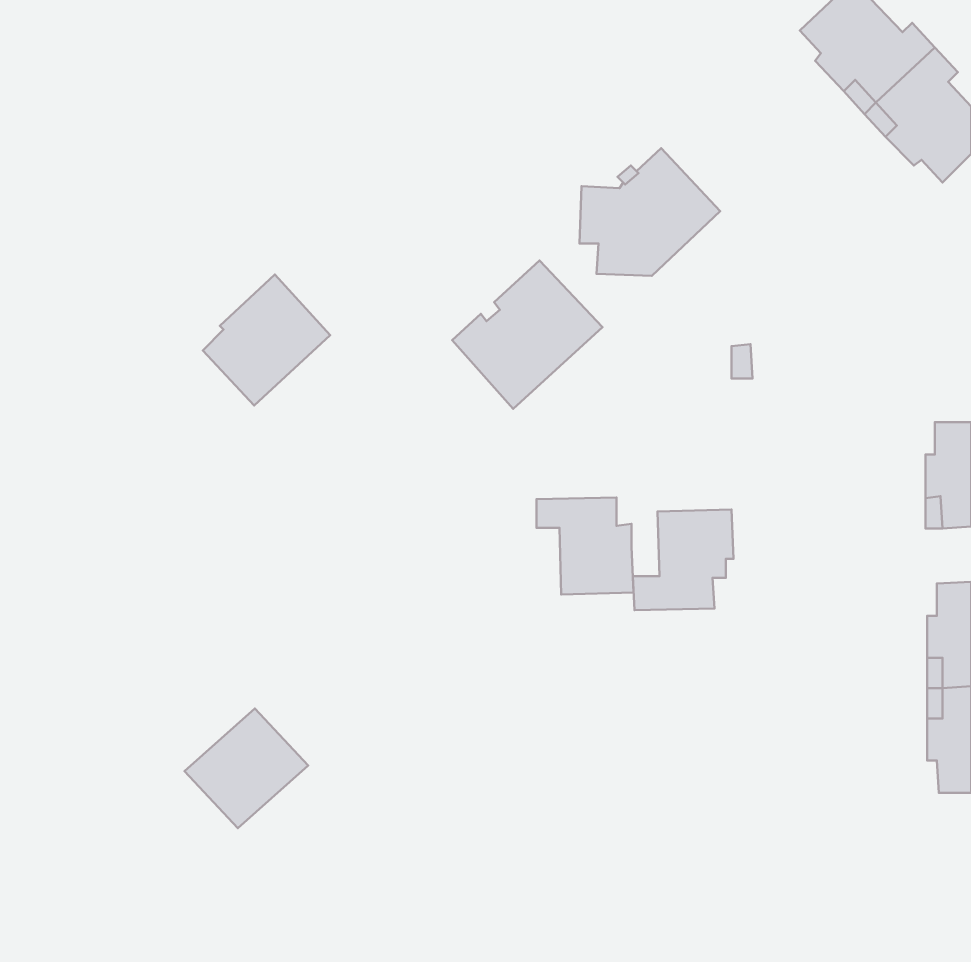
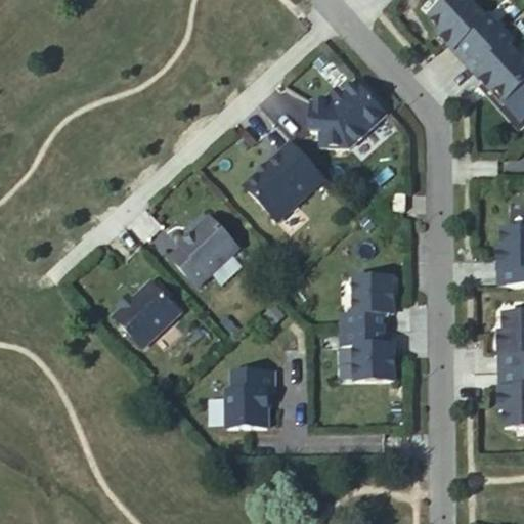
building: [203,274,330,406] -> [170,216,238,287]
building: [537,497,633,594] -> [342,328,394,380]
building: none -> [225,372,273,427]
building: [185,708,308,828] -> [112,281,178,346]

